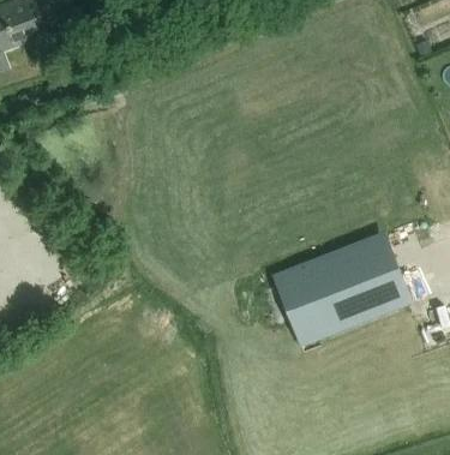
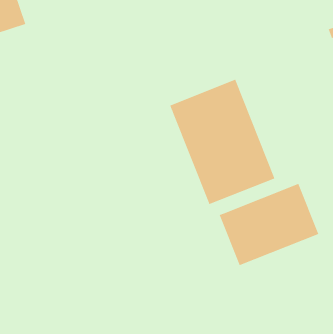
building: none -> [169,79,275,205]

